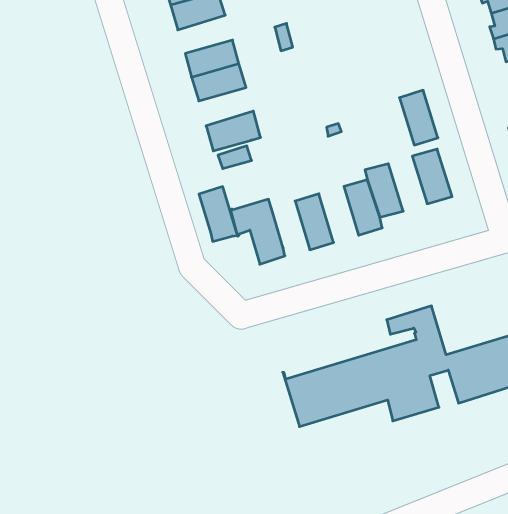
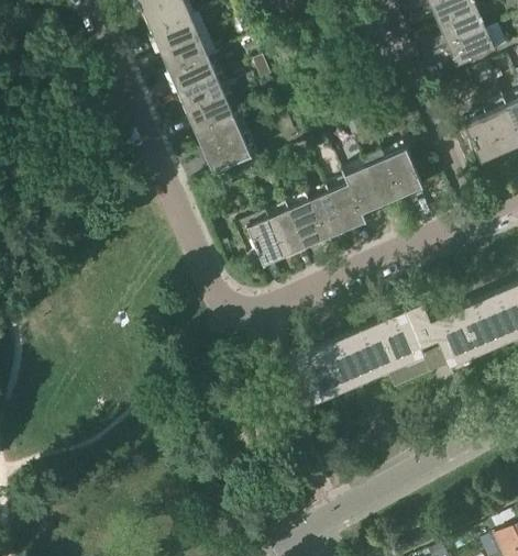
building: none -> [169,54,218,91]
building: none -> [195,114,243,152]
building: [399,90,438,145] -> [365,157,403,205]
building: none -> [308,190,346,240]
building: [199,187,237,241] -> [268,208,306,256]

